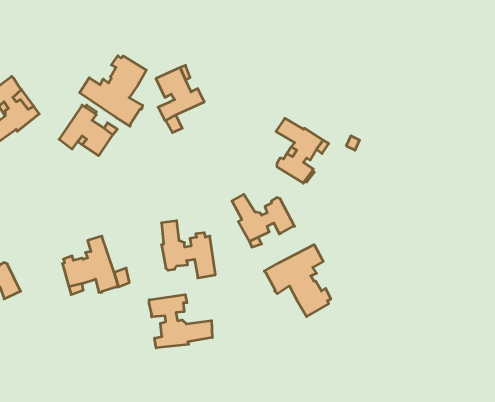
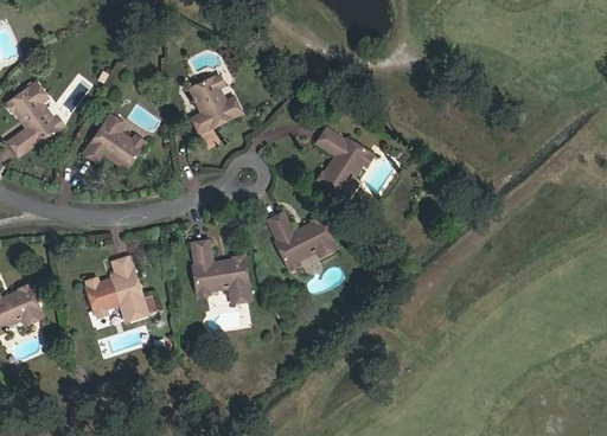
building: [80,56,146,126] -> none
building: [264,245,331,317] -> none
building: [149,295,212,348] -> none

